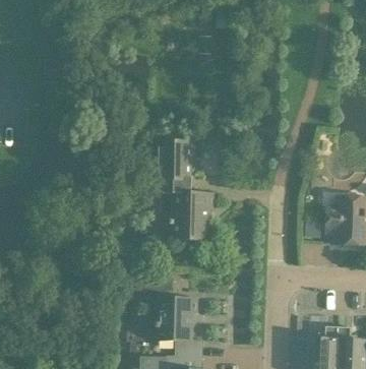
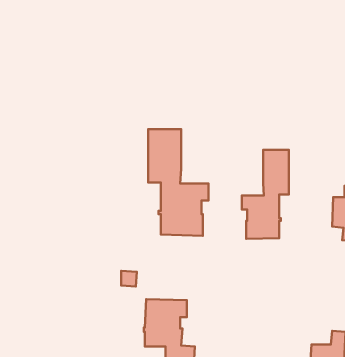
building: none -> [242,150,289,239]

